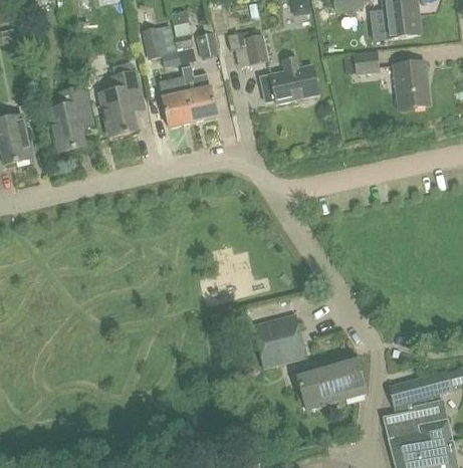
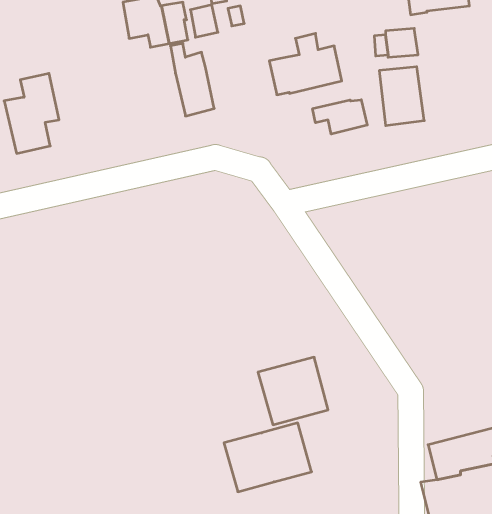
building: [244,34,269,65] -> none
building: [394,61,430,108] -> [379,67,424,126]
building: [99,71,144,136] -> none
building: [163,92,193,127] -> none
building: none -> [313,100,367,134]
building: [295,355,366,410] -> [224,423,312,492]

